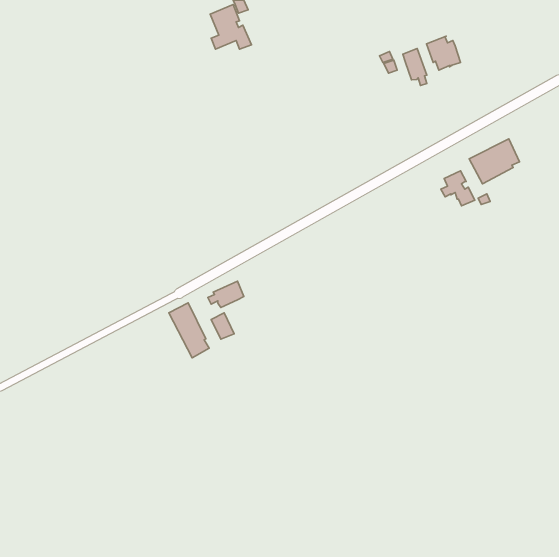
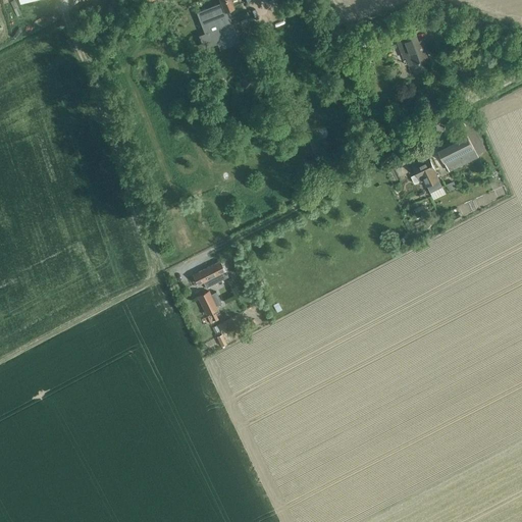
building: [403,49,427,85] -> none
building: [169,303,209,358] -> none

